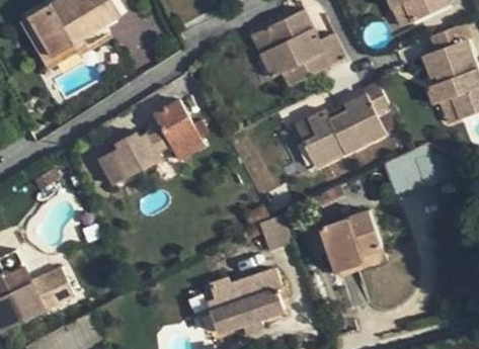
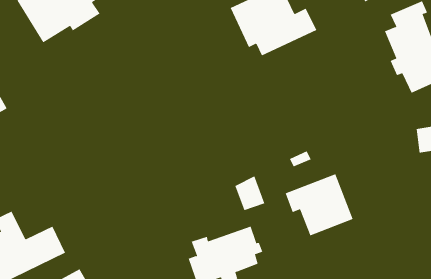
building: [293,82,388,165] -> none
building: [101,101,204,185] -> none
building: [380,142,452,195] -> none

